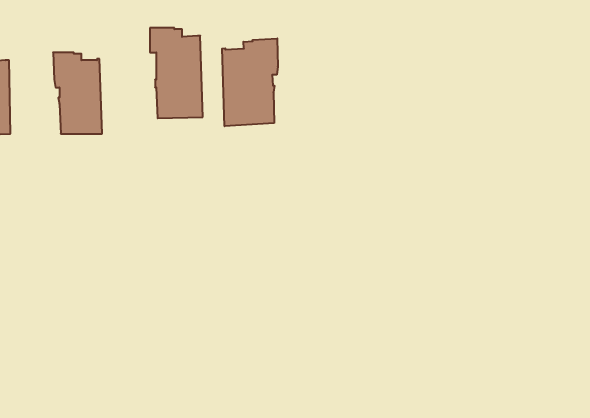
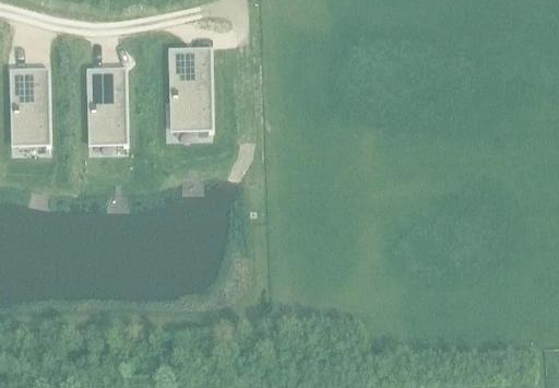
building: [222,38,278,126] -> none

